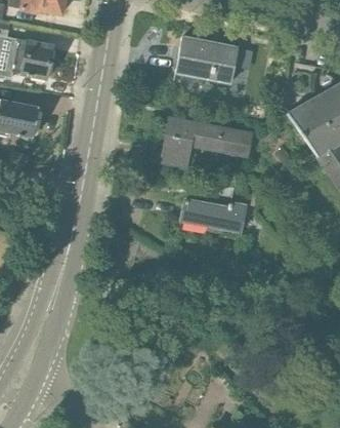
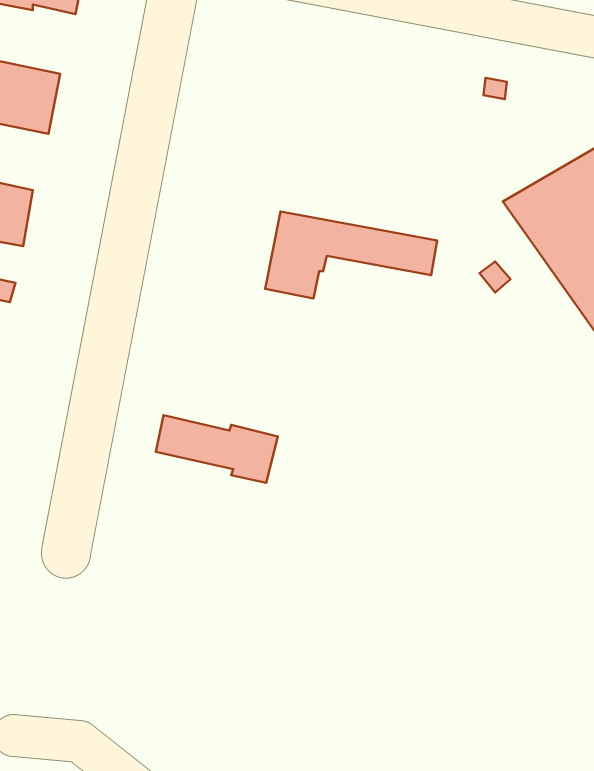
building: [176,37,238,83] -> none
building: [181,200,246,236] -> [156,415,278,483]

